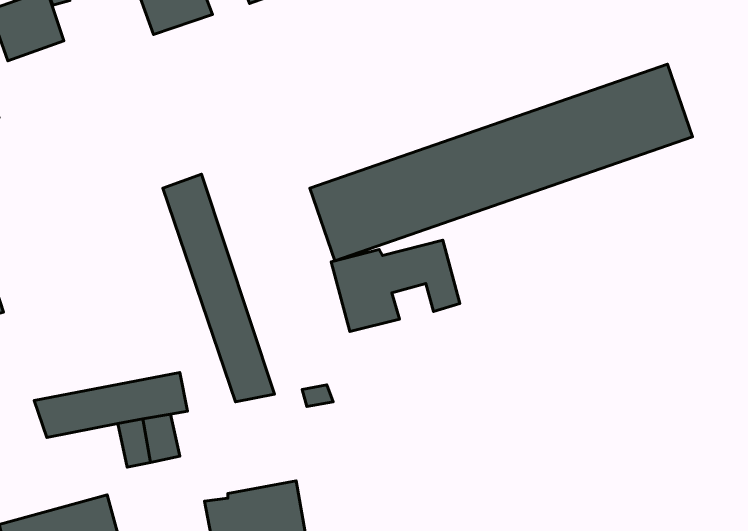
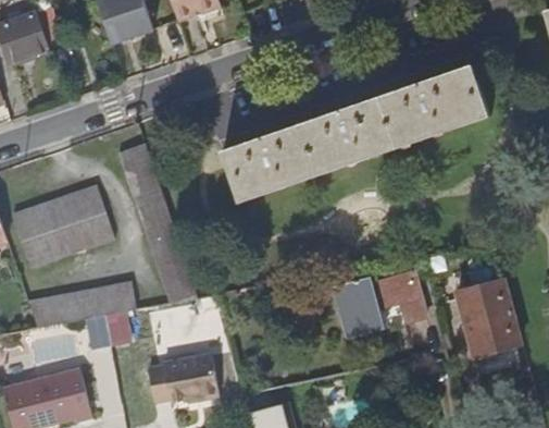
building: none -> [12,186,114,268]
building: [331,240,460,332] -> [334,273,424,338]
building: none -> [456,277,522,356]

